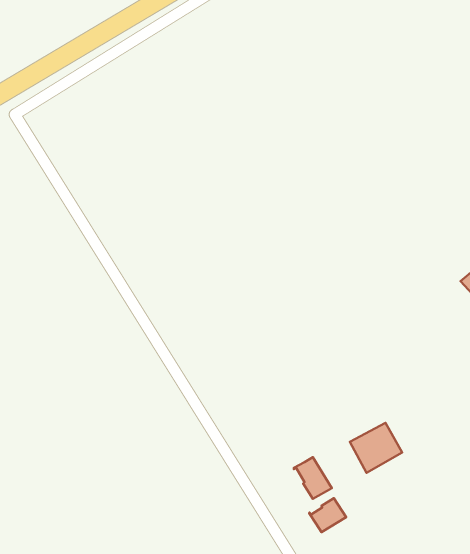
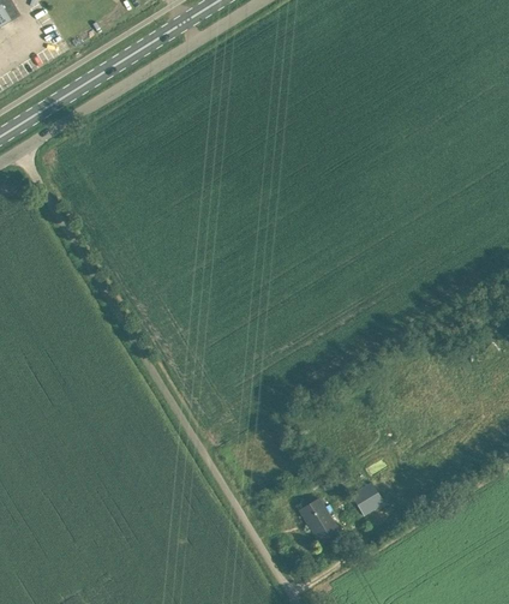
building: [309,498,346,532] -> none

